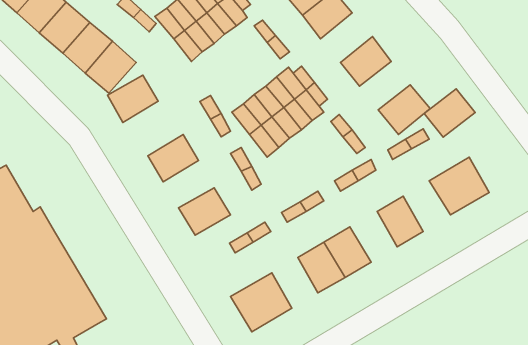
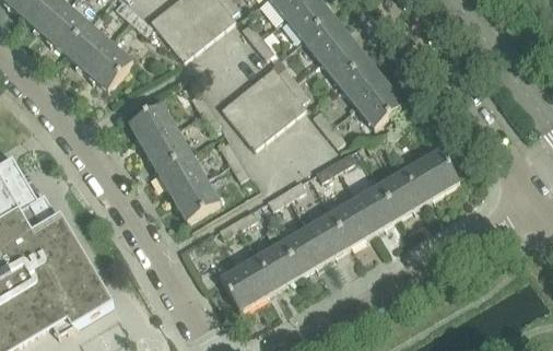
building: none -> [303,14,351,60]
building: [107,75,158,122] -> [129,103,176,147]
building: [424,89,475,137] -> [339,59,386,104]
building: none -> [157,151,204,195]
building: none -> [379,169,423,217]
building: none -> [330,198,374,245]
building: none -> [258,241,301,288]

